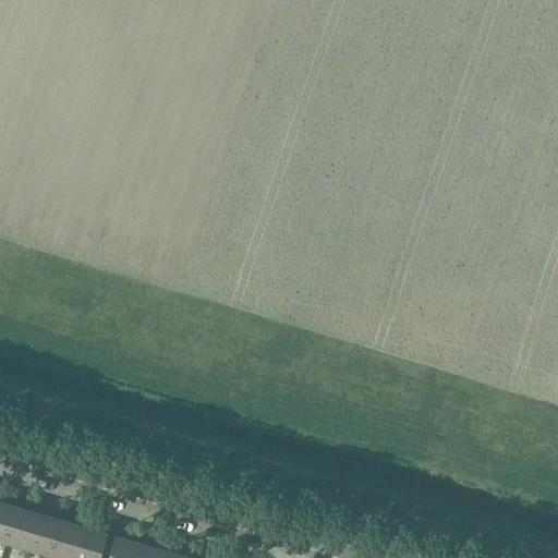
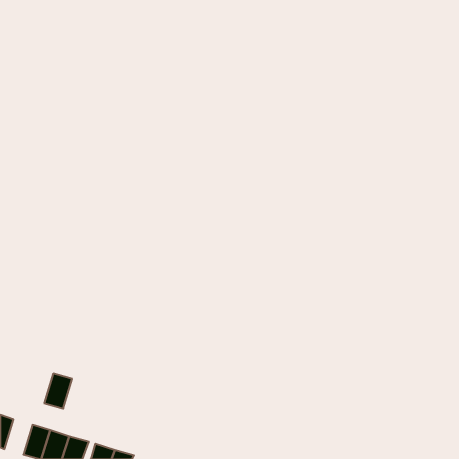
building: [5,509,39,551] -> [44,374,72,409]

